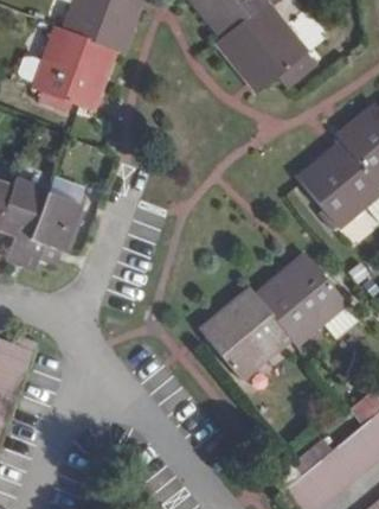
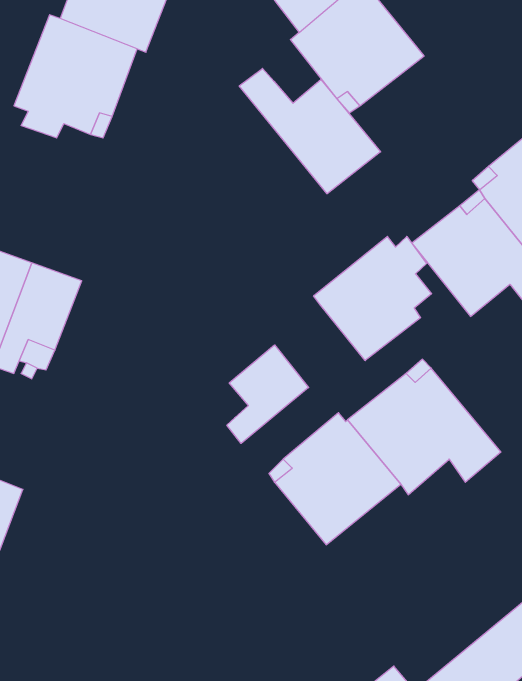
building: none -> [239,68,381,194]
building: none -> [314,236,432,361]
building: none -> [227,345,309,443]

